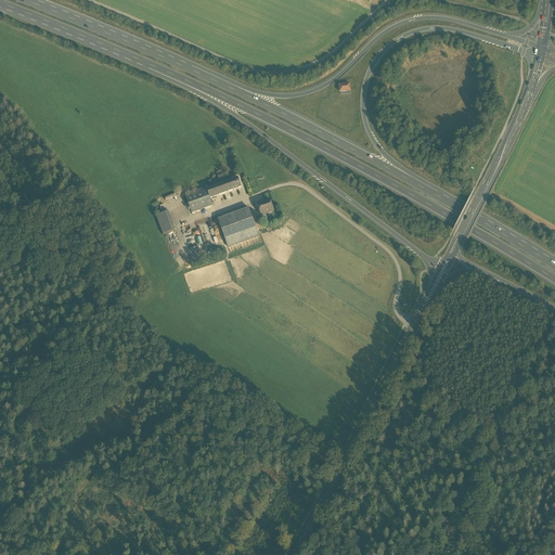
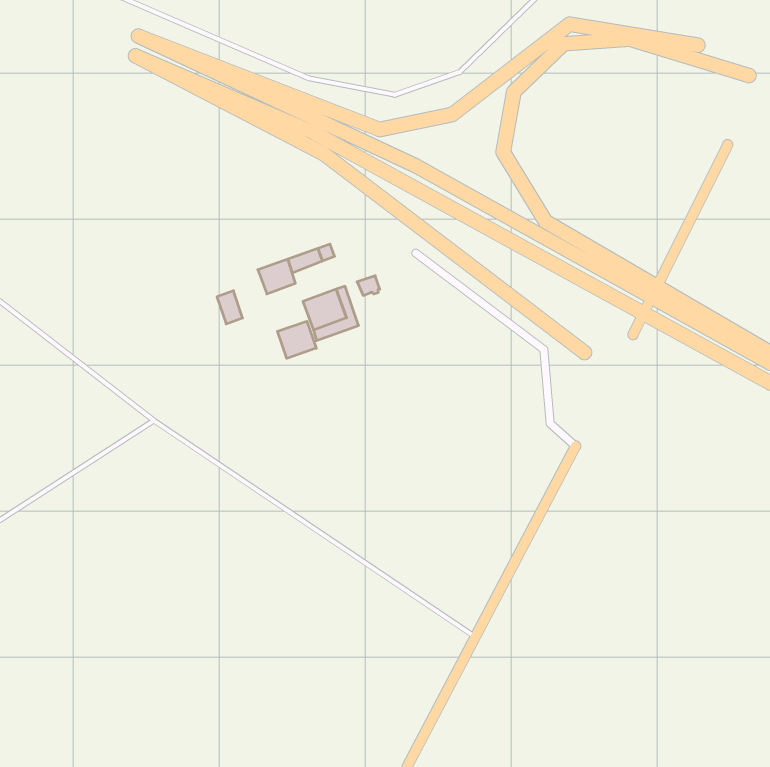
building: none -> [277,321,316,358]

